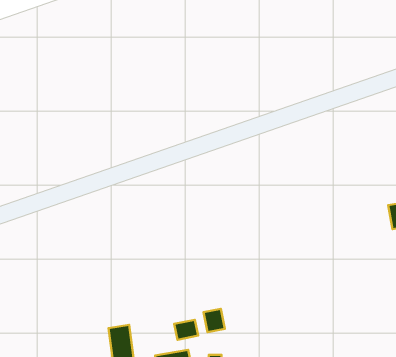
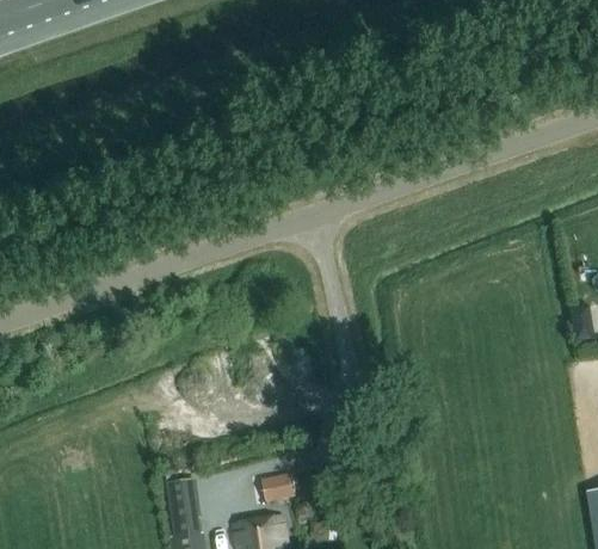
building: [203,309,225,332] -> none

